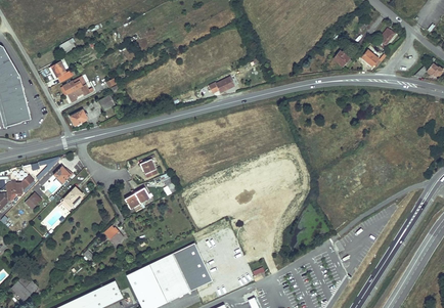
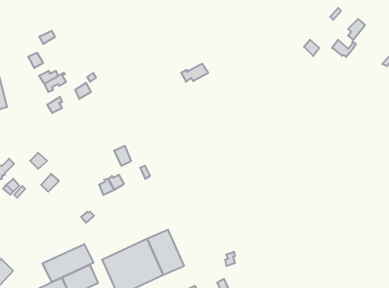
building: none -> [43,244,93,282]

